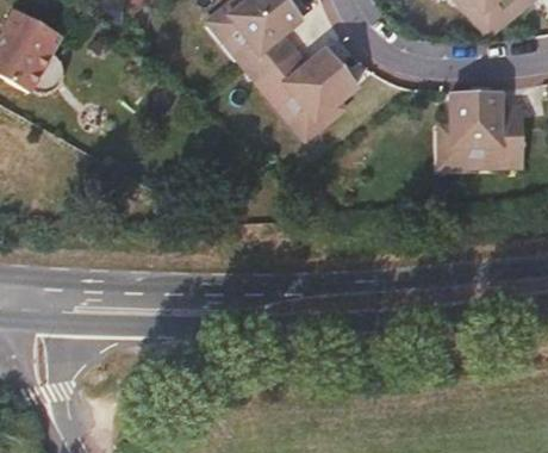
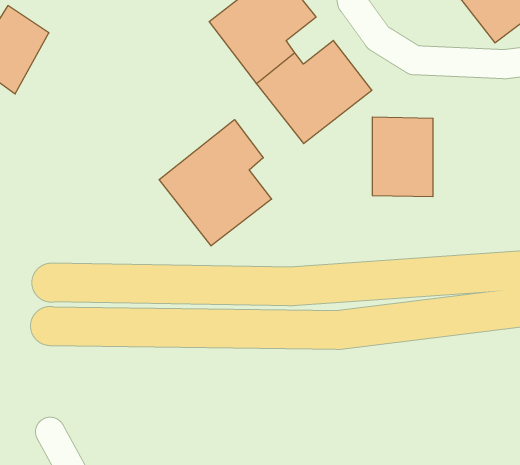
building: [442,89,500,166] -> [372,117,433,197]
building: none -> [159,120,272,246]

